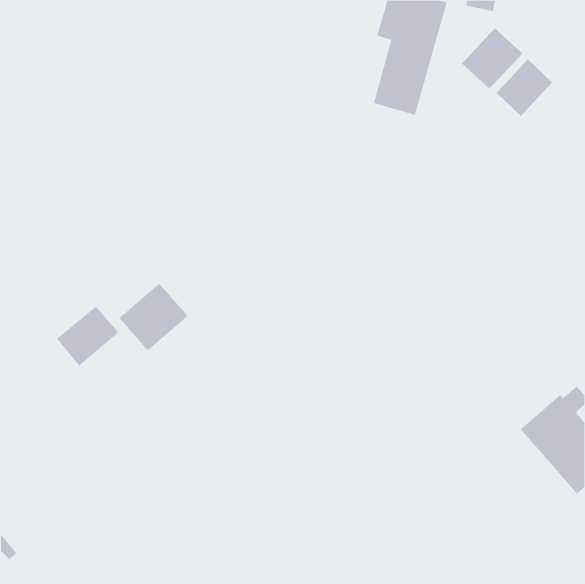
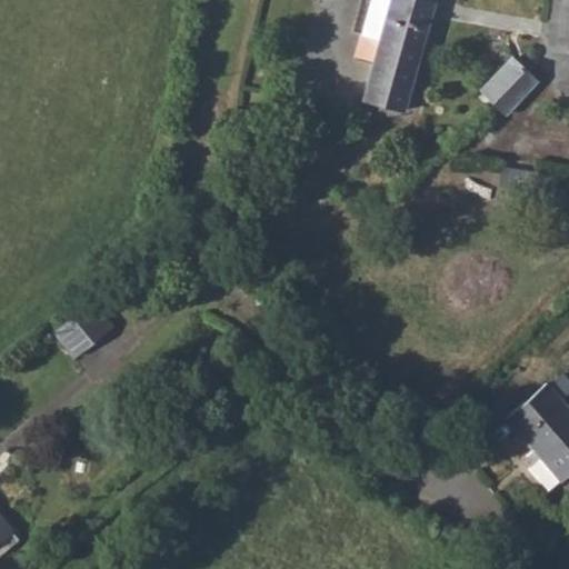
building: [461,27,523,89] -> none
building: [119,283,188,351] -> none

